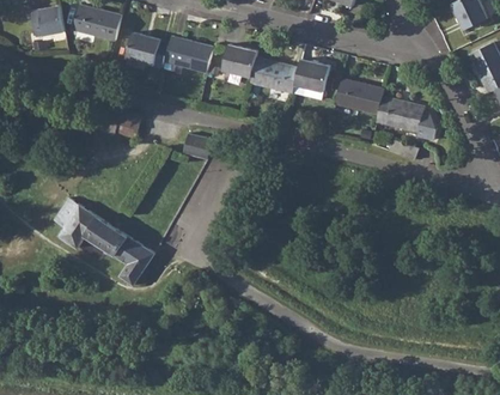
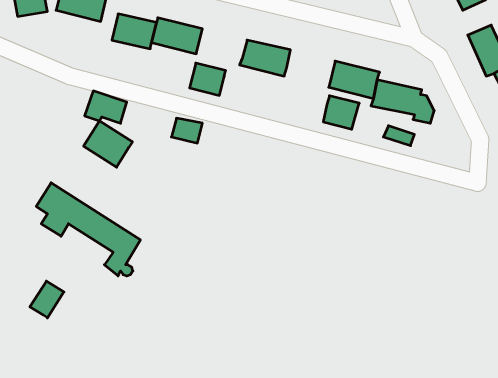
building: [222,44,257,75] -> [190,63,226,95]
building: [294,59,329,91] -> [323,96,359,129]
building: none -> [84,121,132,167]
building: none -> [30,281,64,318]

